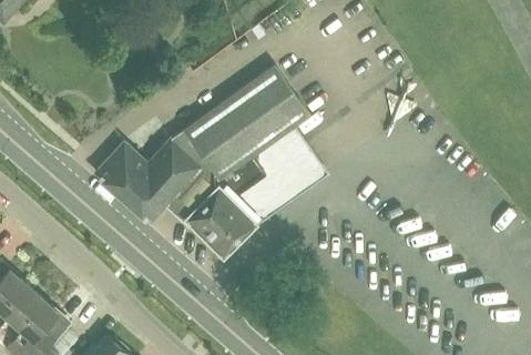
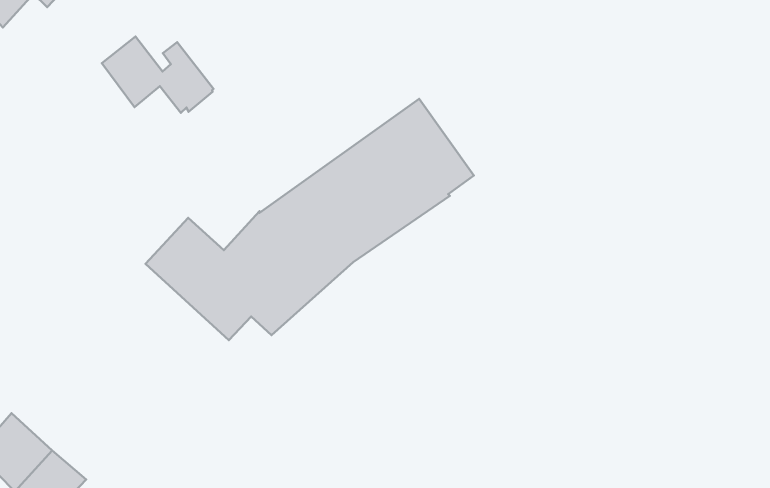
building: none -> [102,36,214,113]
building: [178,129,326,257] -> none

